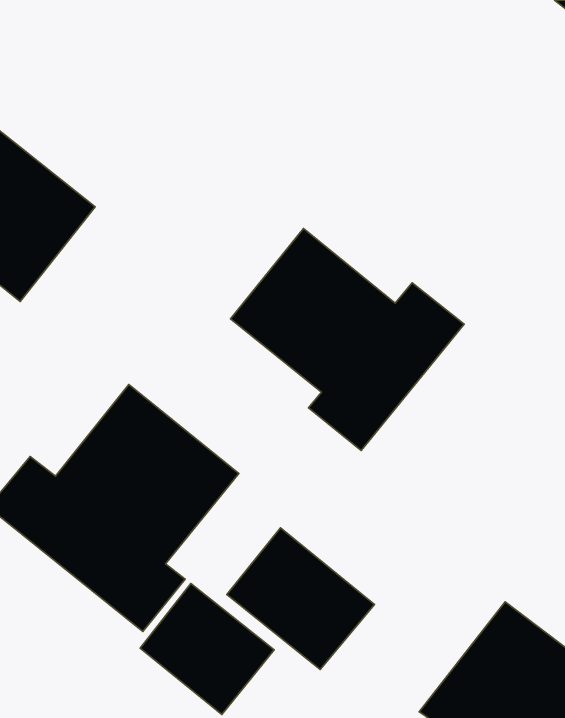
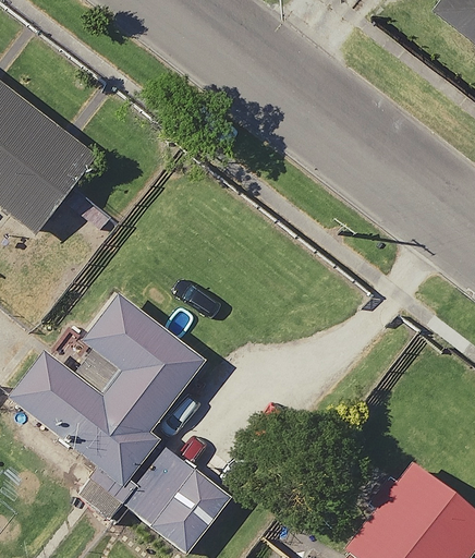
building: [230,228,464,450] -> none
building: [227,528,374,670] -> none

